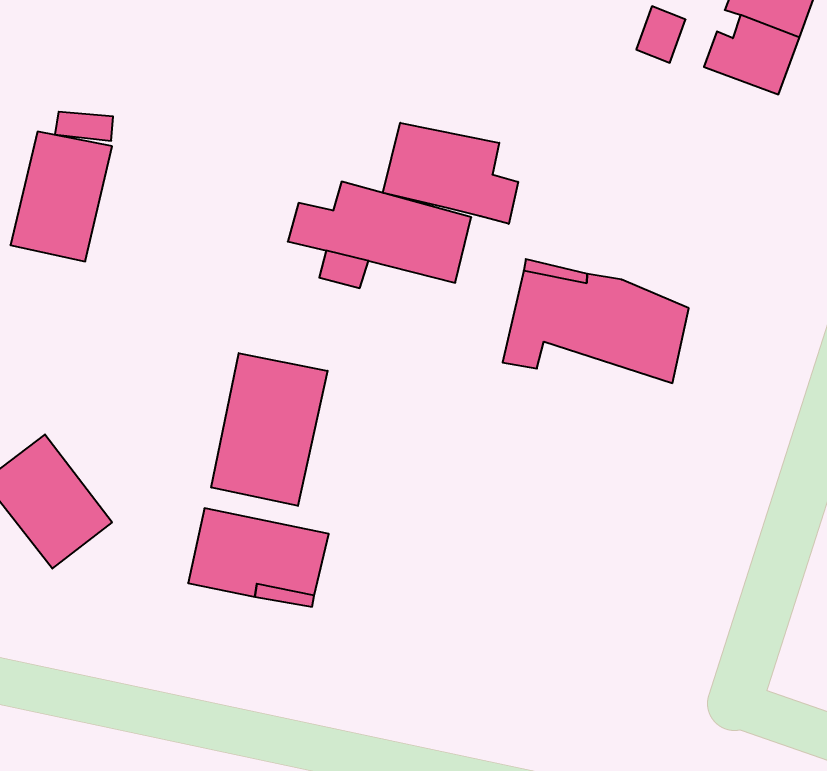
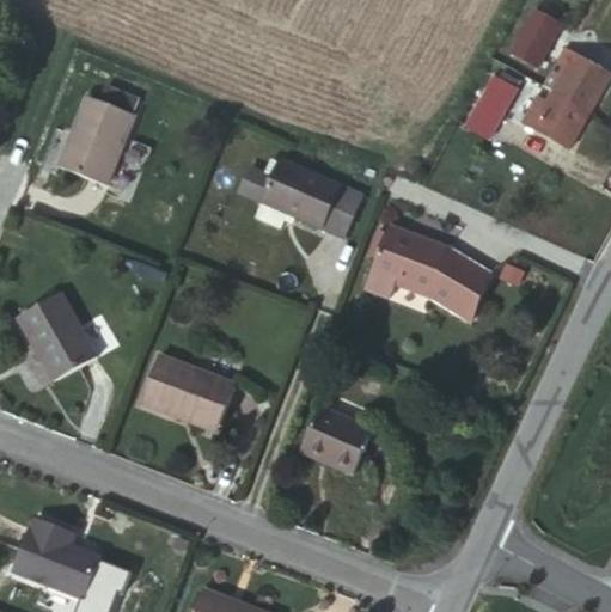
building: [383,123,518,224] -> none
building: [211,353,328,506] -> none
building: none -> [299,408,372,472]

